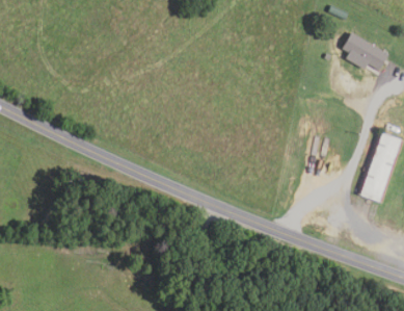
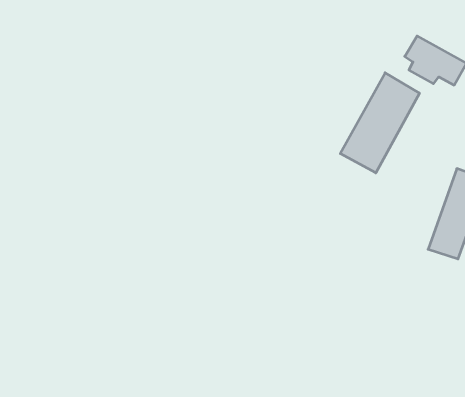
building: none -> [340,73,419,173]

